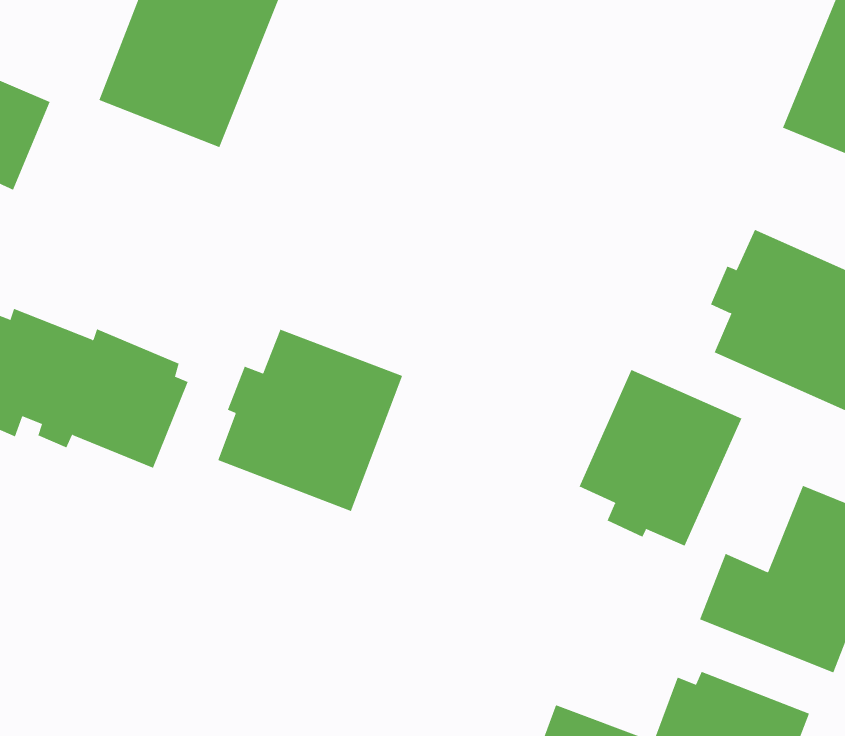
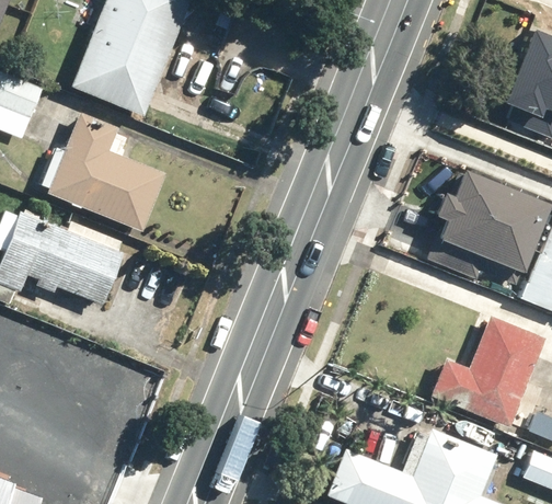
building: none -> [38,113,166,232]
building: [217,329,403,512] -> none
building: [579,369,742,547] -> none

